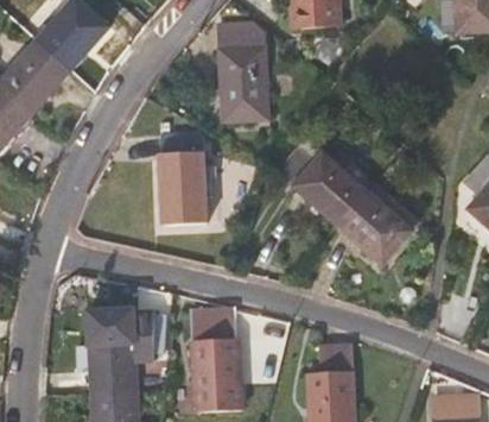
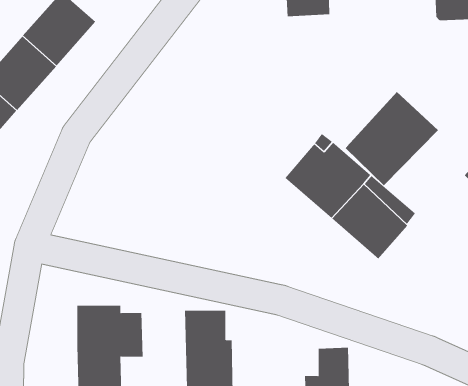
building: [218,25,265,120] -> none
building: none -> [345,91,439,186]
building: [159,134,205,226] -> none

